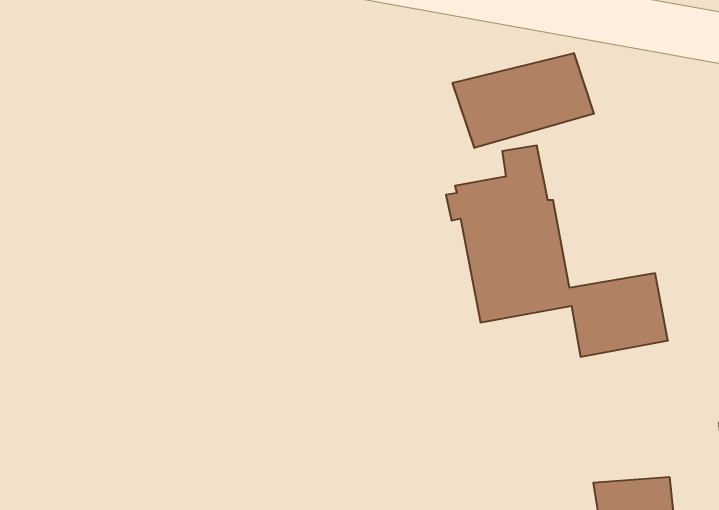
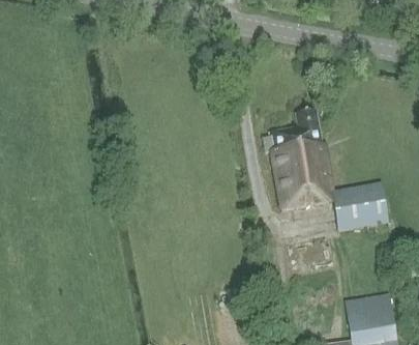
building: [453,53,594,148] -> none

